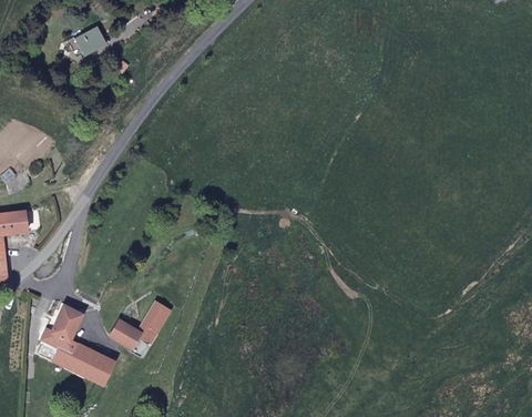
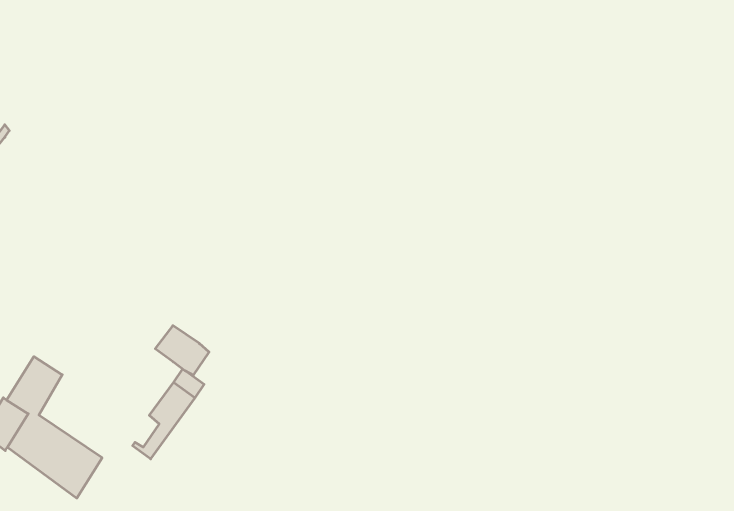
building: [114,322,147,350] -> [155,326,209,375]

